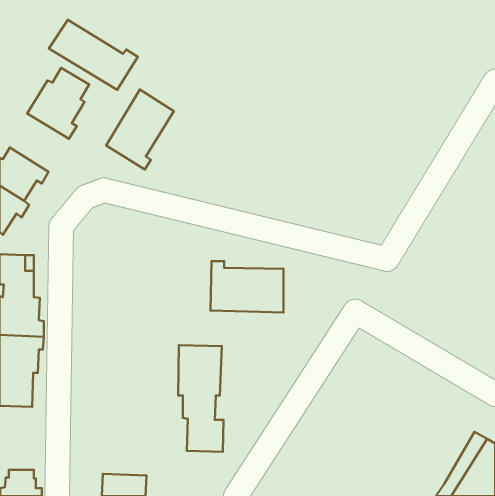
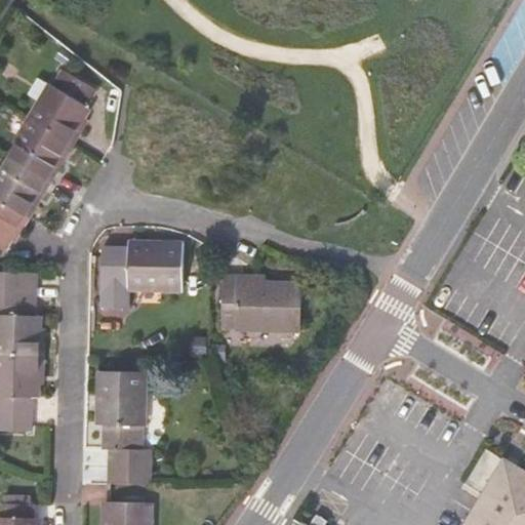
building: [49,20,138,90] -> none
building: [106,89,174,169] -> none
building: none -> [10,120,68,181]
building: none -> [92,244,188,309]
building: [178,345,224,452] -> [98,374,147,487]

